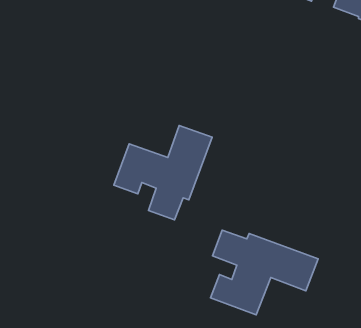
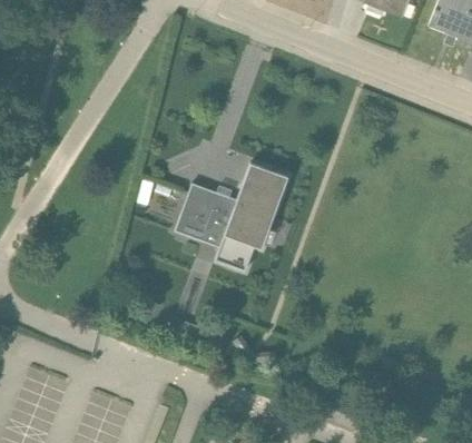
building: [210,230,318,315] -> none

